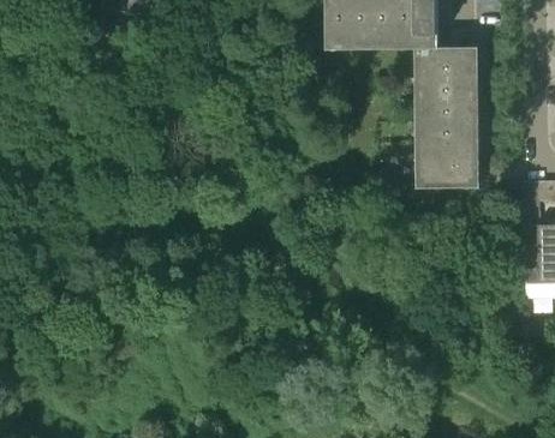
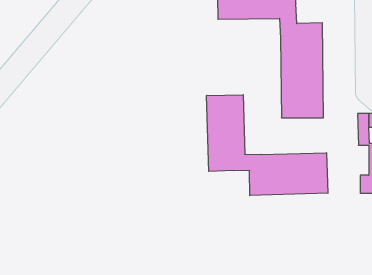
building: none -> [207,95,328,196]

